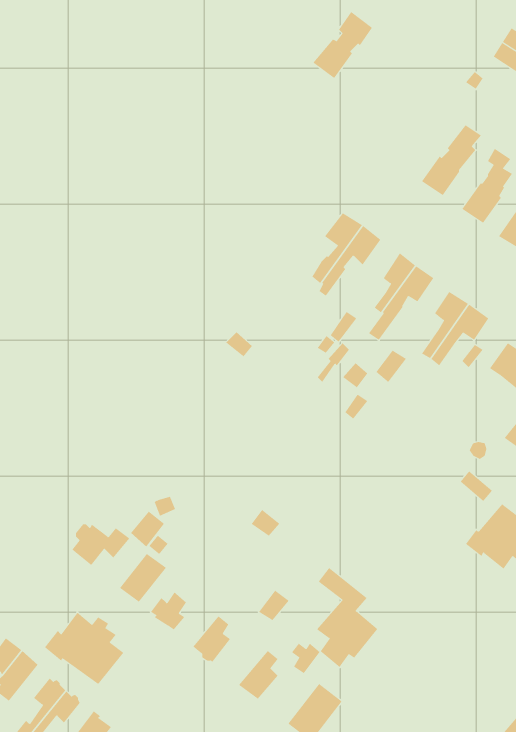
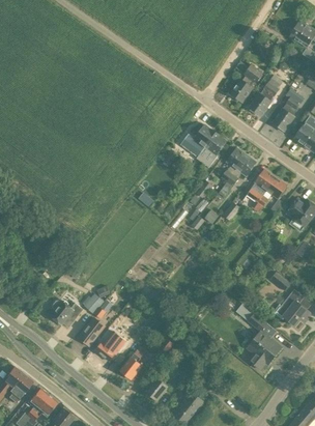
building: [312,11,373,79] -> [229,63,263,102]
building: [316,567,378,668] -> [247,312,282,369]
building: [44,612,124,685] -> none

